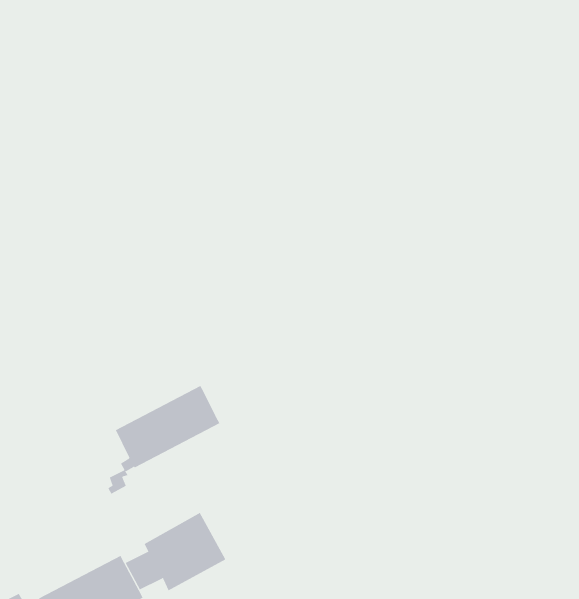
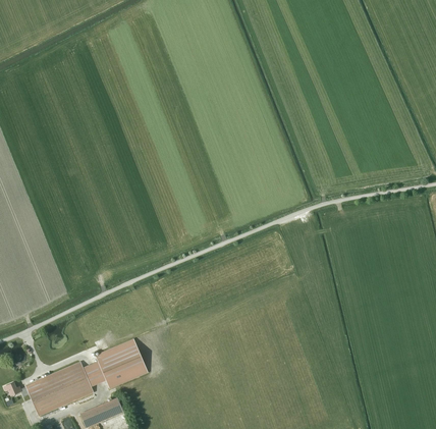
building: [107,385,220,495] -> none

